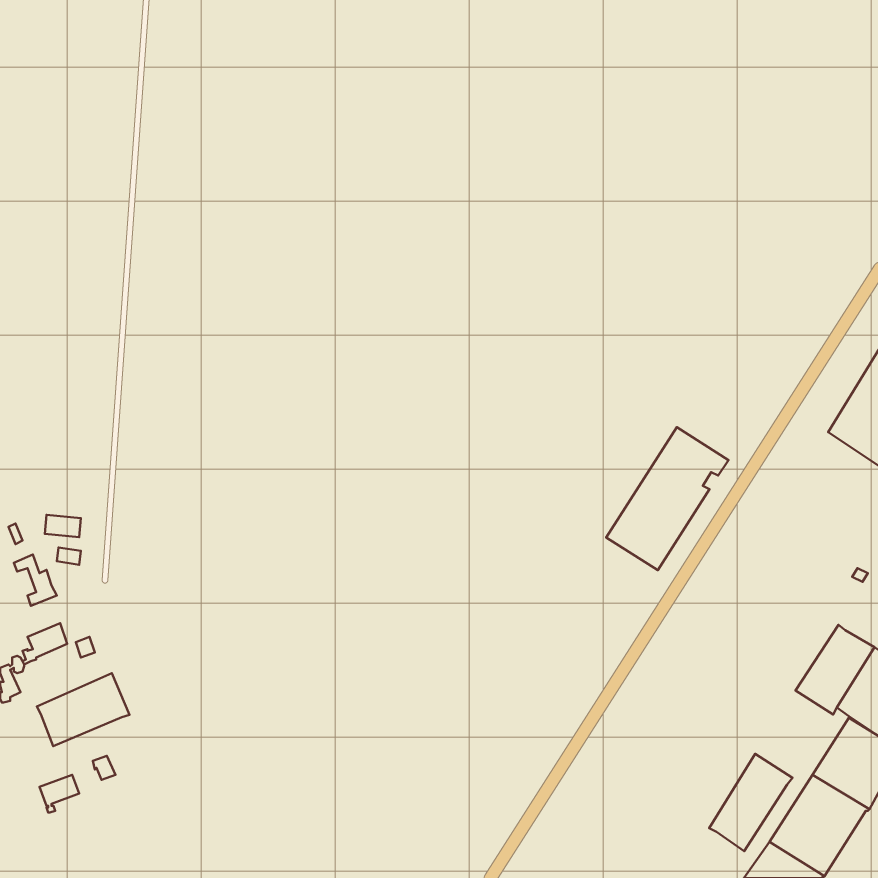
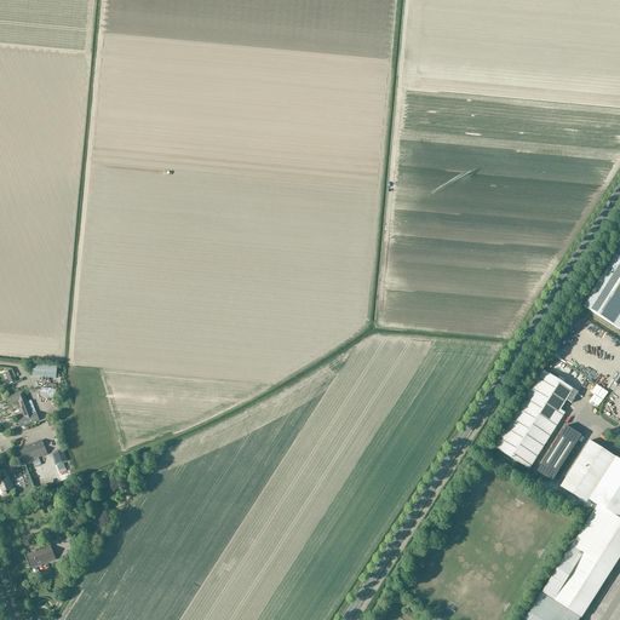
building: [606,427,729,570] -> [493,368,579,469]
building: none -> [539,425,582,481]
building: [37,673,130,746] -> none
building: [709,754,793,851] -> none

